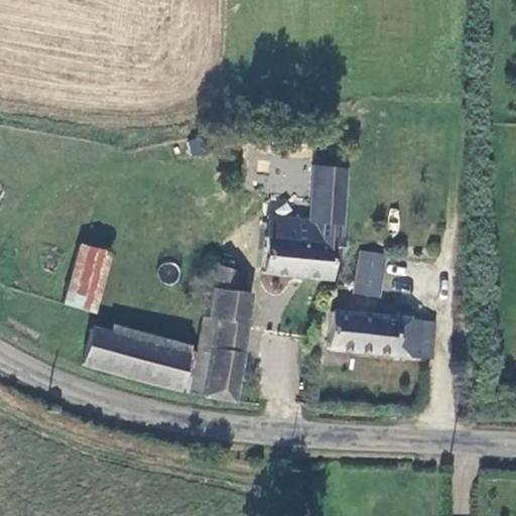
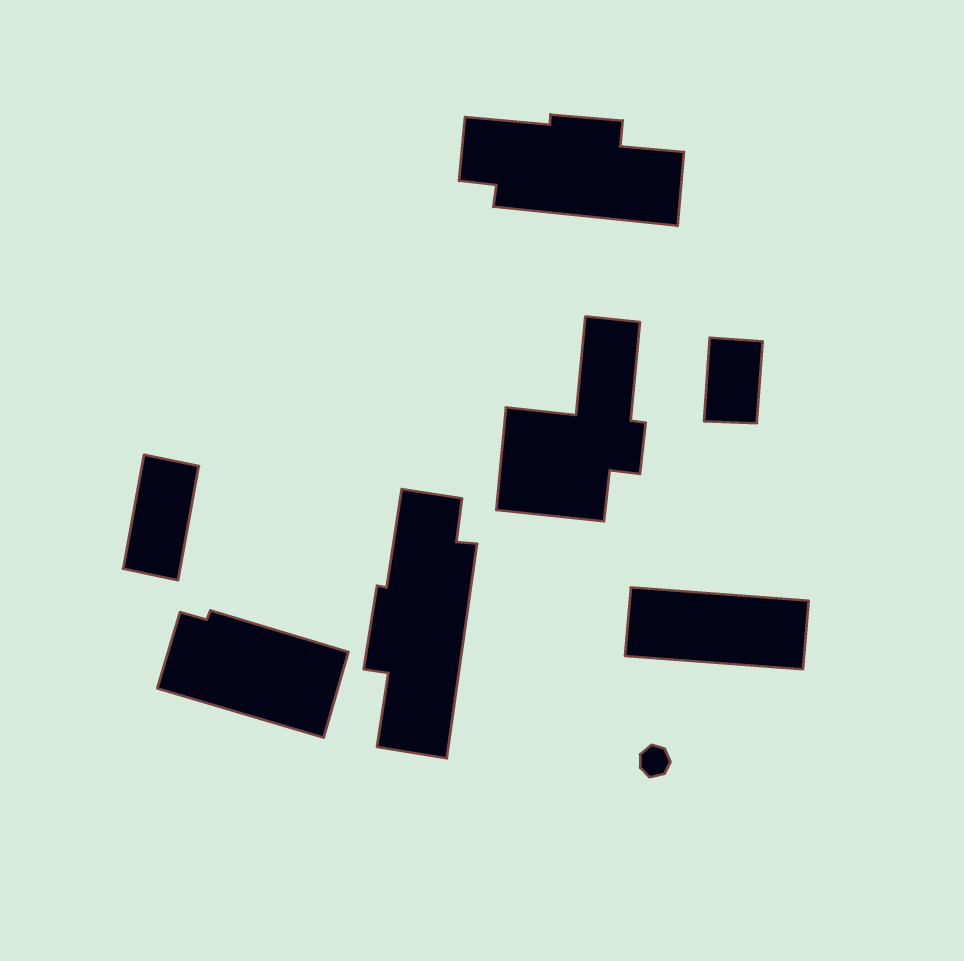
building: none -> [459,114,684,226]
building: [356,247,387,292] -> [704,338,763,423]

